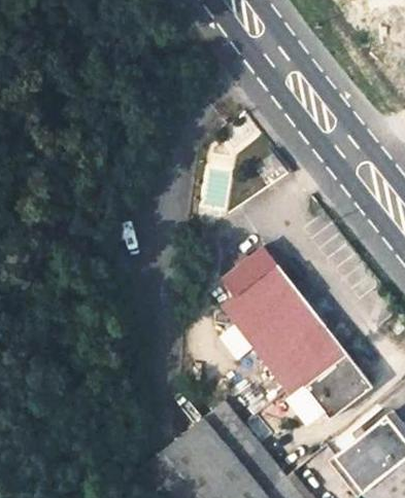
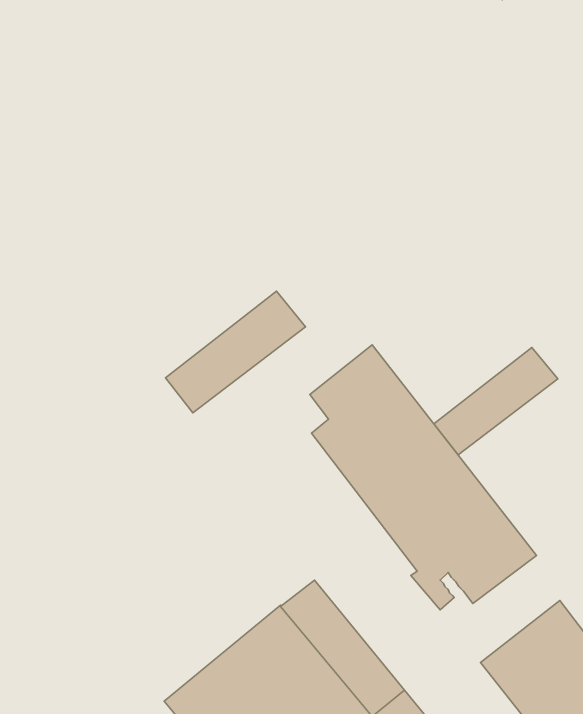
building: none -> [165,291,306,413]
building: none -> [434,347,558,455]

